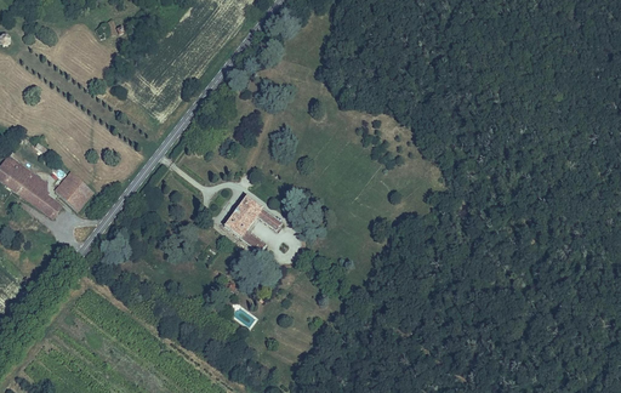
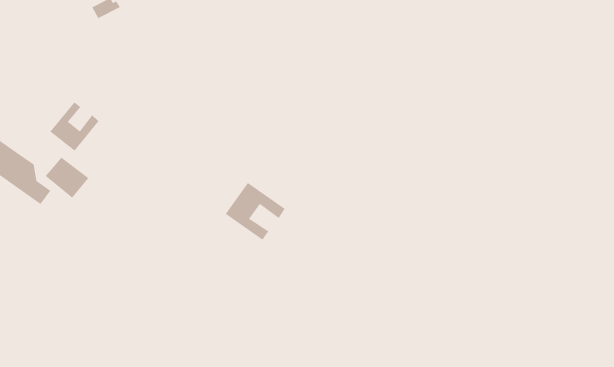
building: none -> [49,101,99,152]

